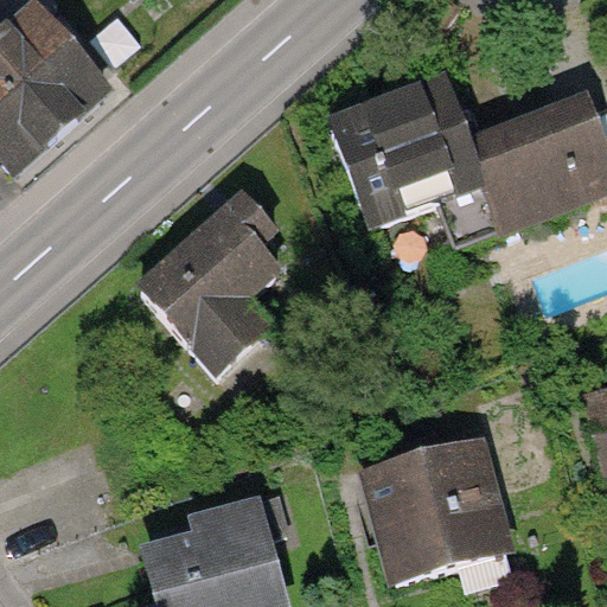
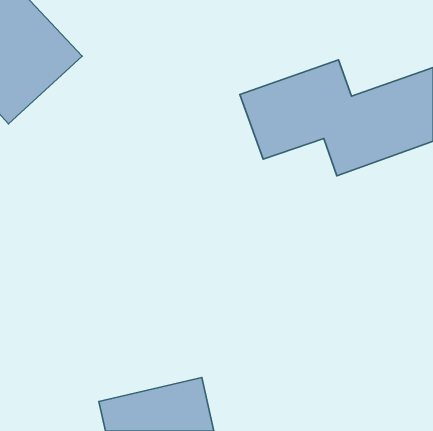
building: [134,202,288,381] -> none
building: [363,441,516,575] -> none

